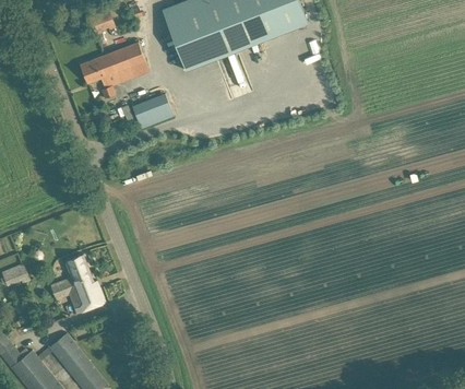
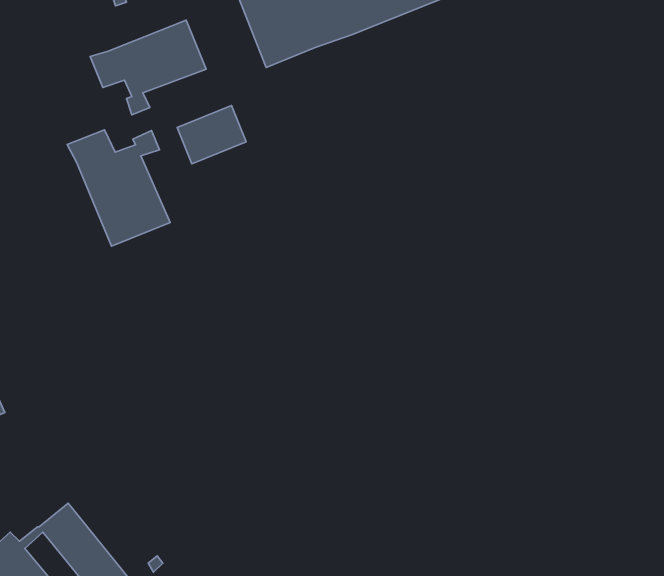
building: none -> [67,130,170,246]
building: [50,254,105,313] -> none

